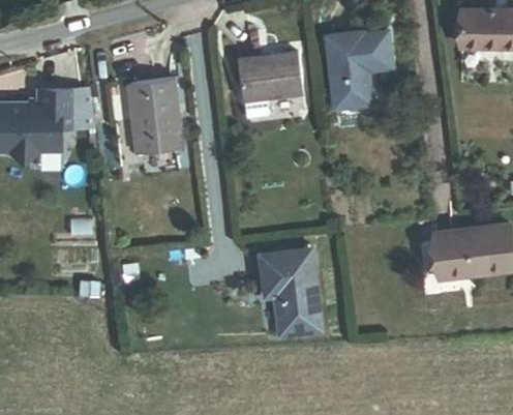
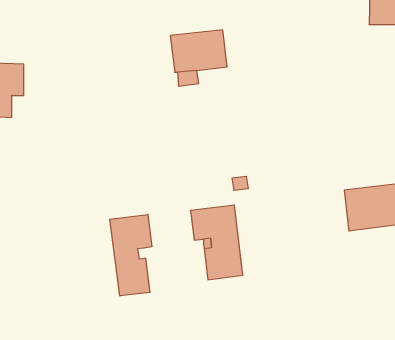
building: [326,31,391,108] -> none
building: [129,79,181,152] -> none
building: none -> [110,214,152,296]

